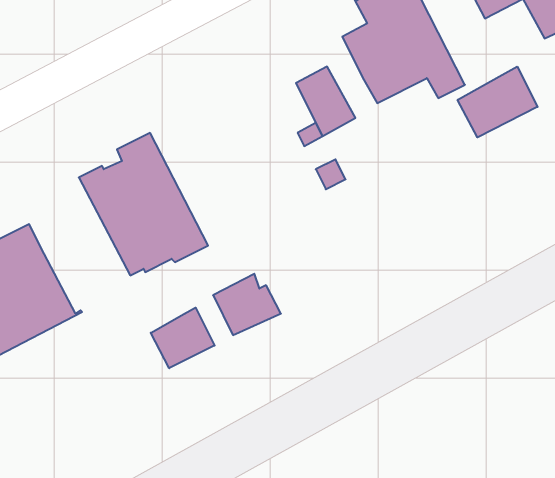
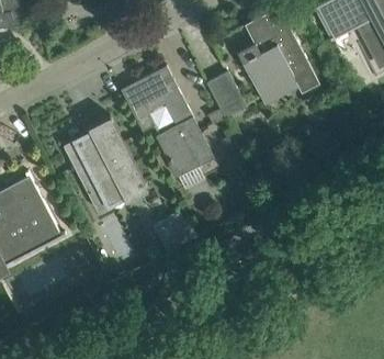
building: none -> [121,66,212,177]
building: [458,67,538,137] -> none
building: [151,308,215,368] -> none

